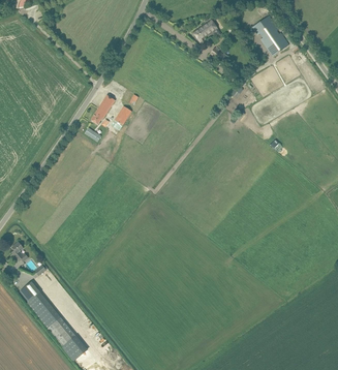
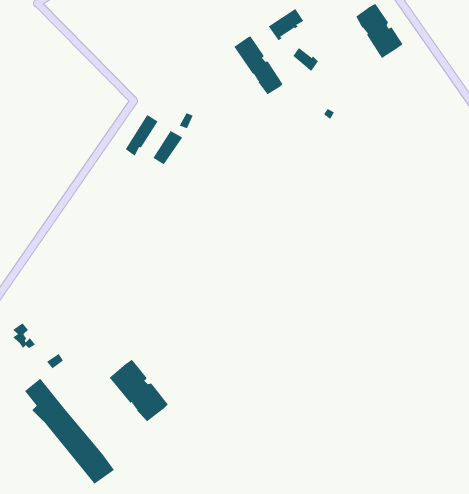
building: none -> [234,35,283,95]
building: none -> [109,359,168,422]

